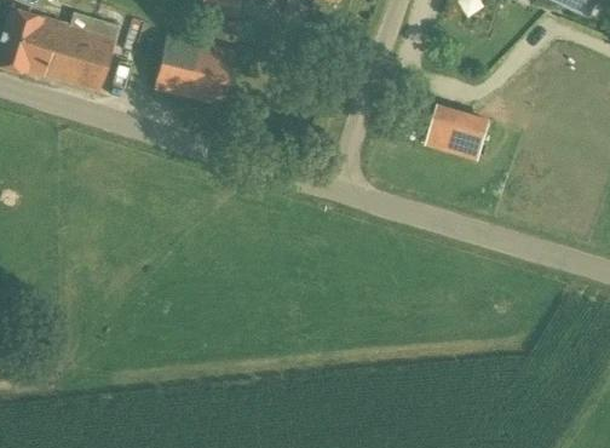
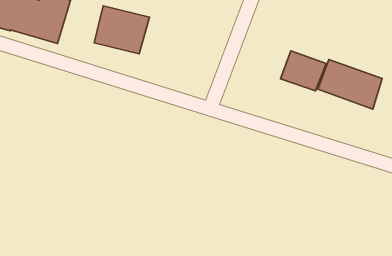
building: none -> [318,59,382,109]

